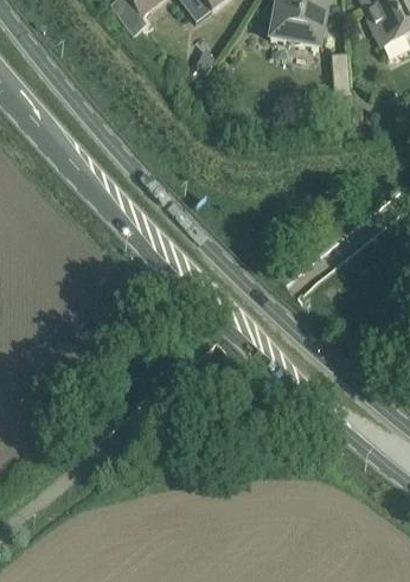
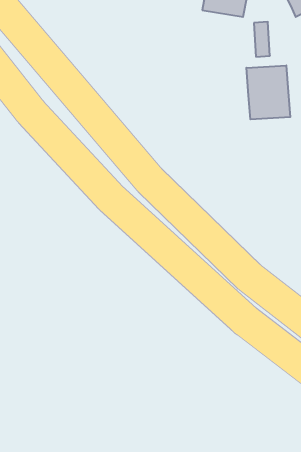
building: none -> [246,65,290,119]

